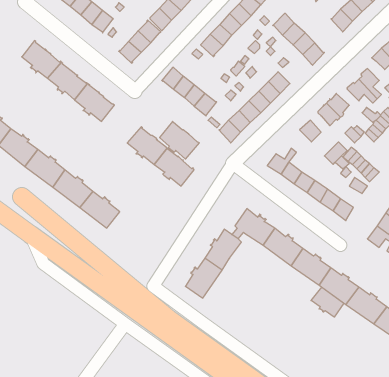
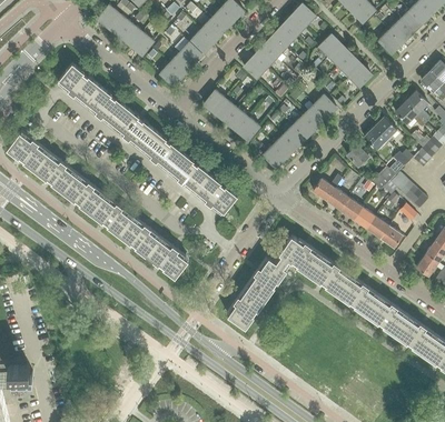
building: [160,121,199,159] -> [140,130,181,169]
building: none -> [146,240,187,279]
building: [311,287,344,317] -> none

